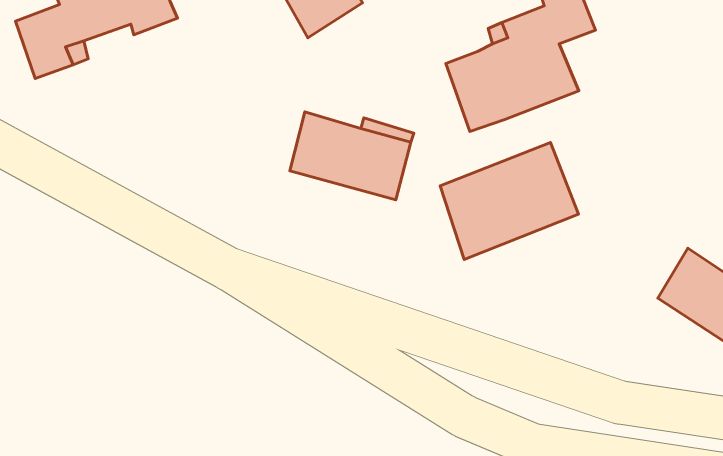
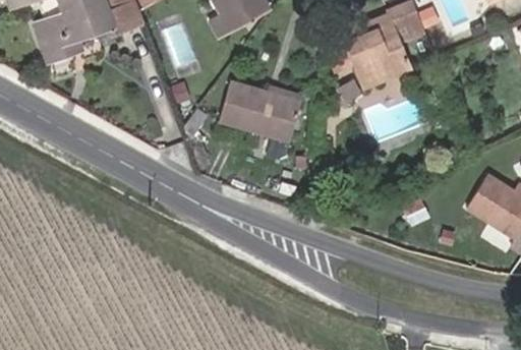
building: [440,142,579,259] -> none

